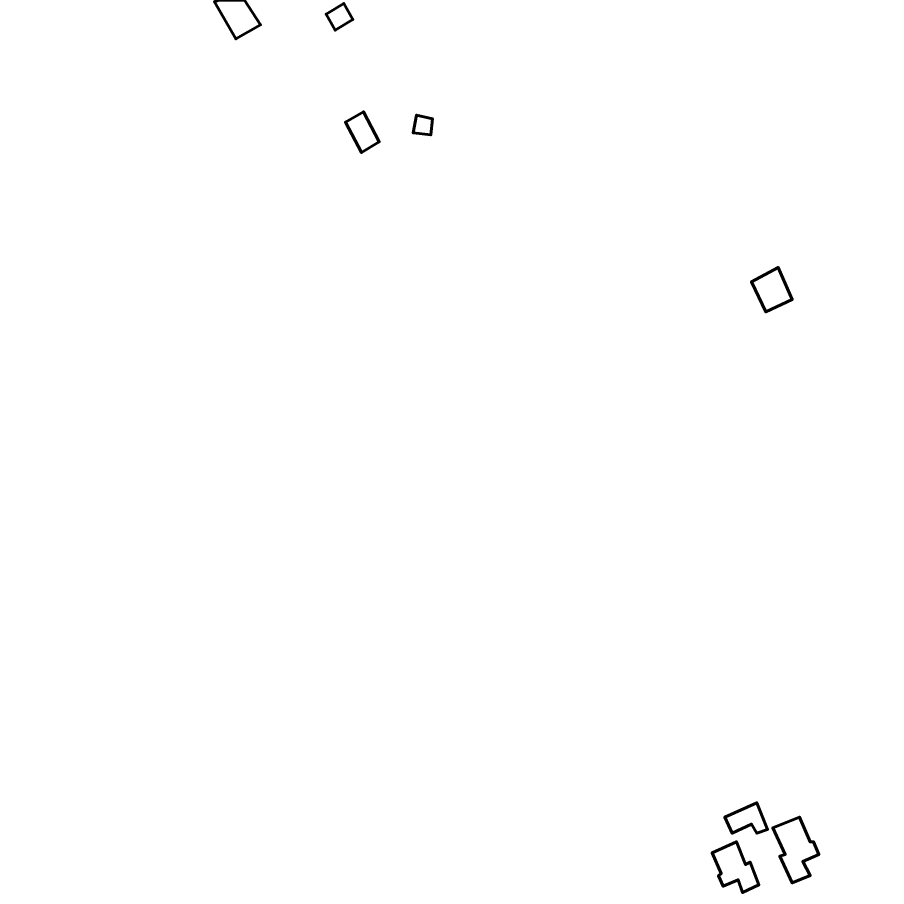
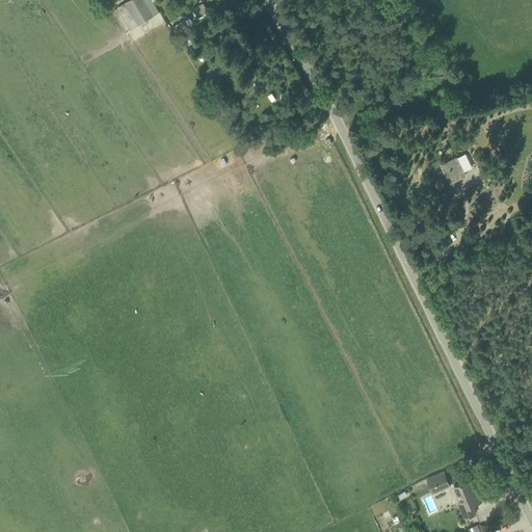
building: [712,842,759,892] -> none

